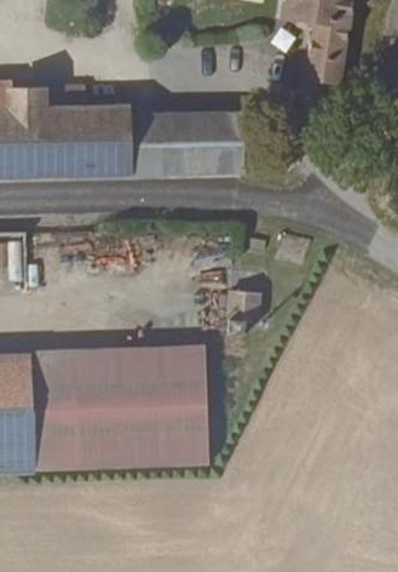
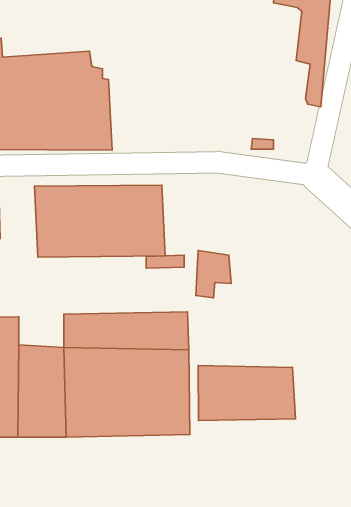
building: [120,107,254,181] -> [34,185,165,257]
building: [28,349,74,383] -> none
building: none -> [198,365,295,421]

